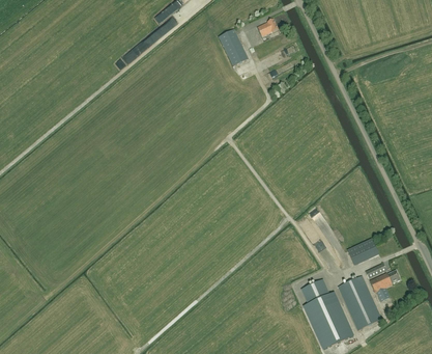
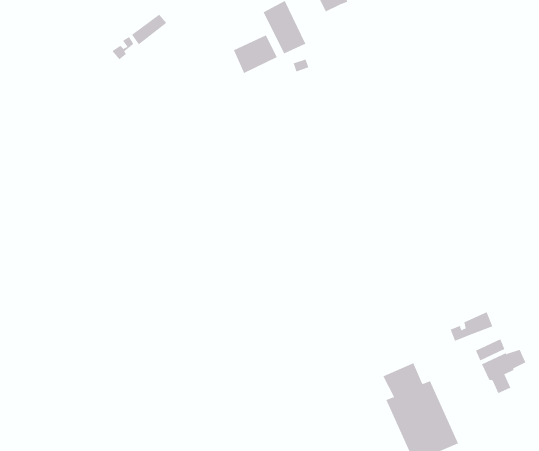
building: none -> [233,35,278,74]
building: [339,276,382,331] -> none

